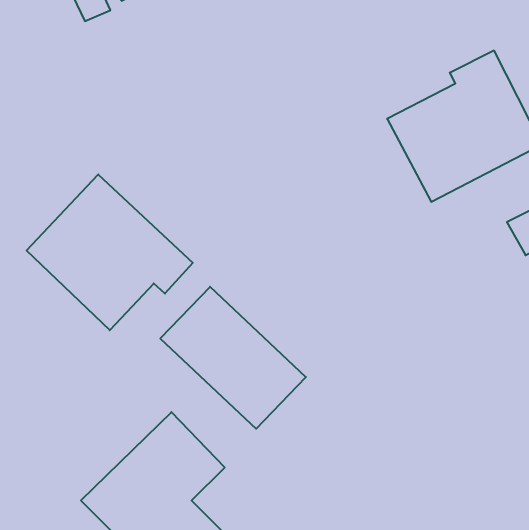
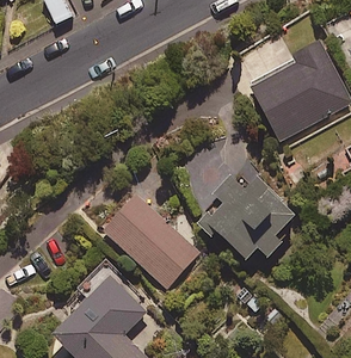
building: [27,174,193,330] -> none
building: none -> [199,175,301,261]

